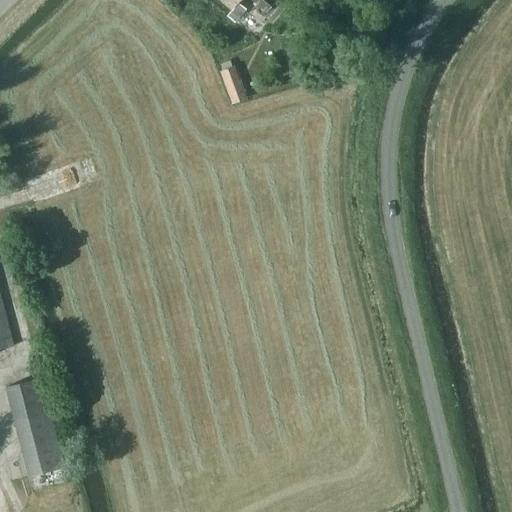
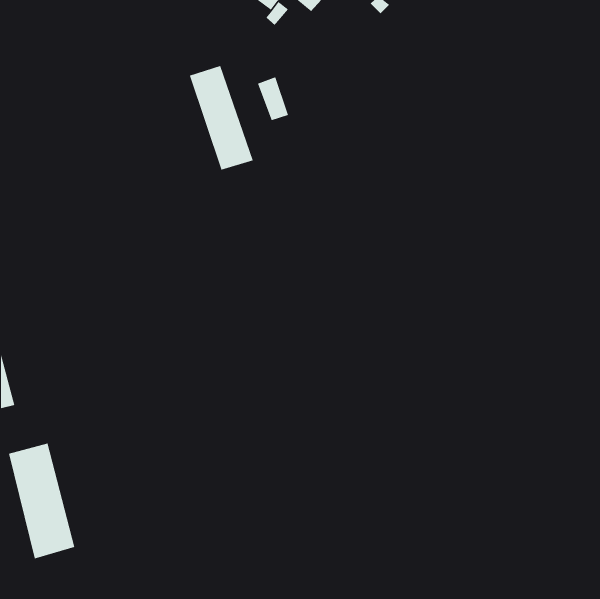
building: none -> [189,65,254,171]

